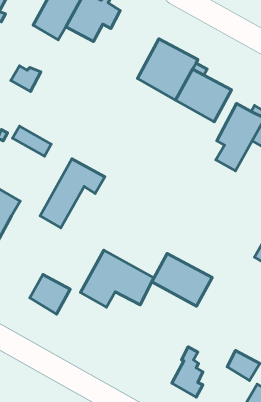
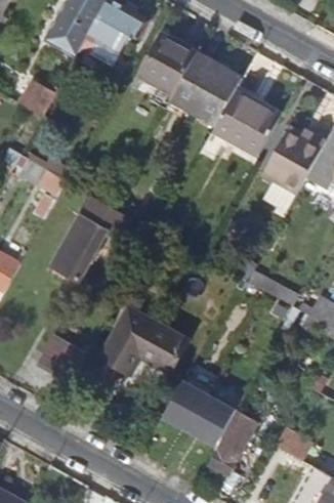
building: none -> [137,36,195,95]
building: [152,253,212,306] -> [163,382,235,445]

